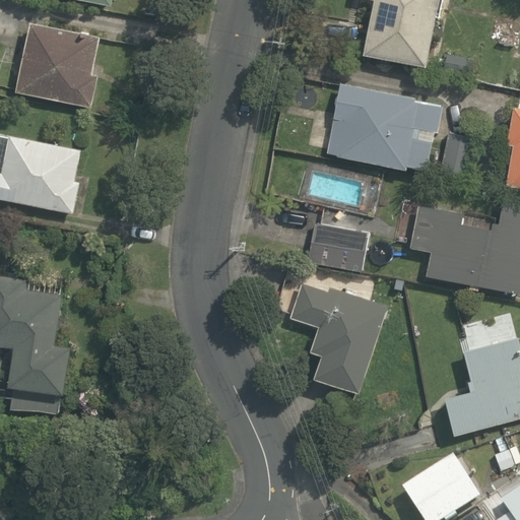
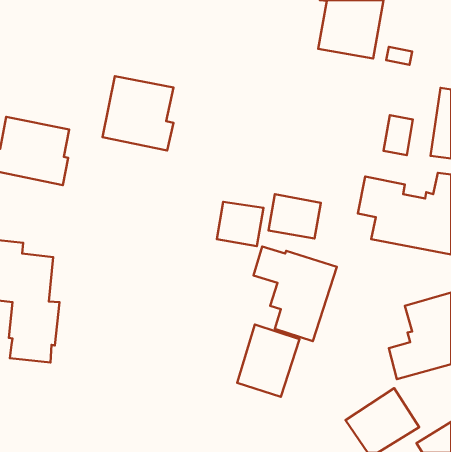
building: [17,24,99,110] -> [102,76,173,150]
building: [325,85,440,169] -> none
building: none -> [217,202,264,246]
building: none -> [237,325,299,397]

